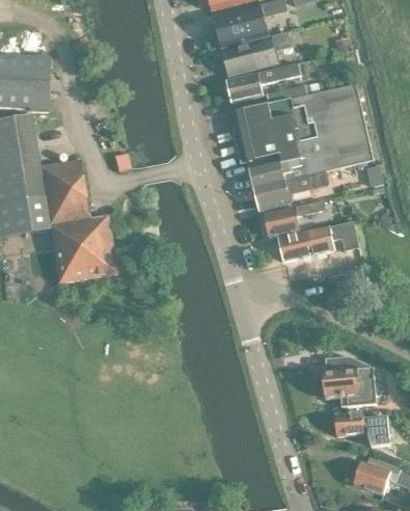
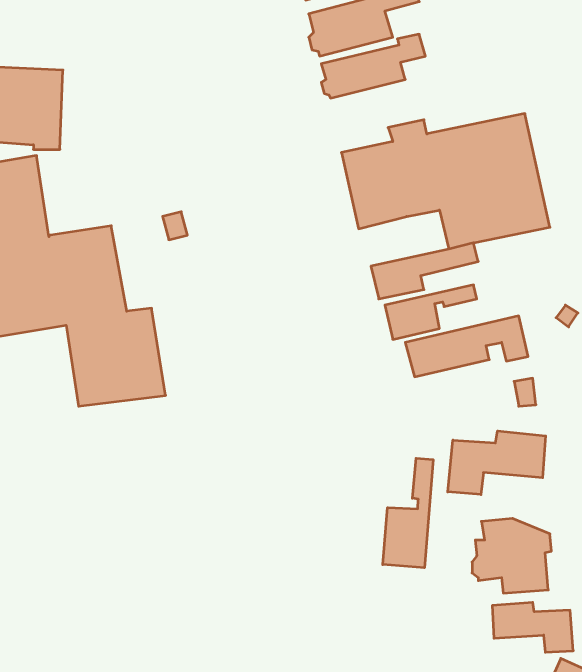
building: [225,62,299,103] -> none
building: [248,151,305,188] -> none
building: none -> [448,431,546,495]
building: none -> [383,458,433,568]

